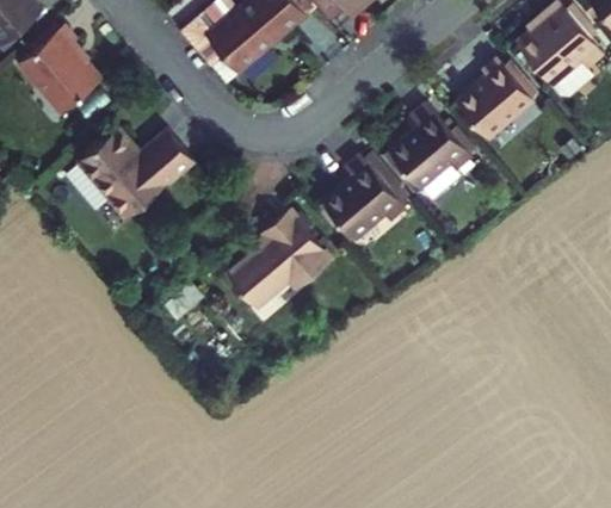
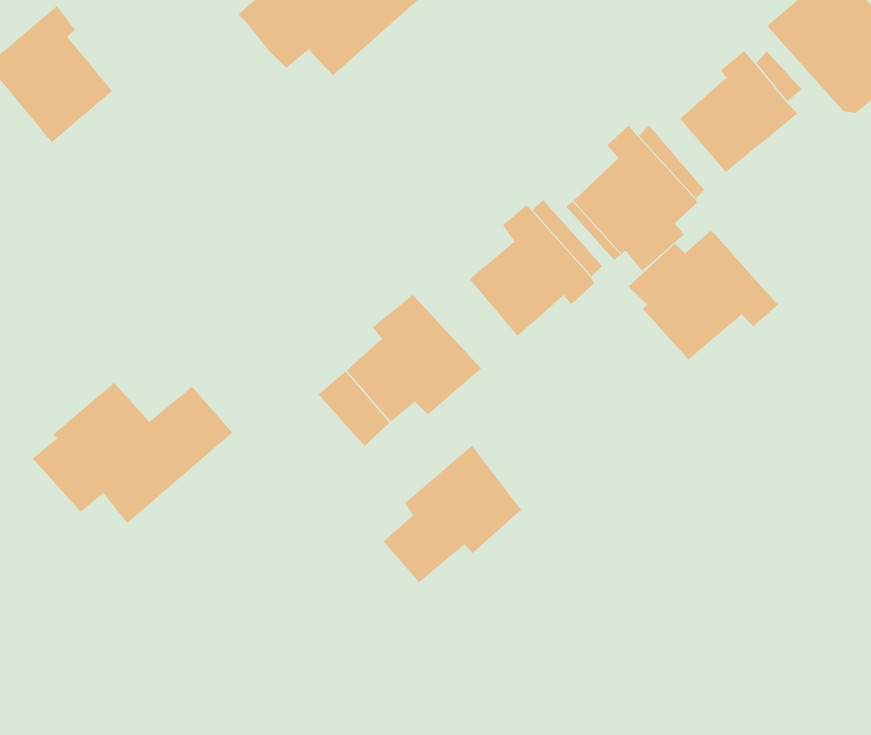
building: [62,129,191,219] -> [32,382,233,524]
building: none -> [628,230,779,360]
building: none -> [383,445,522,583]

